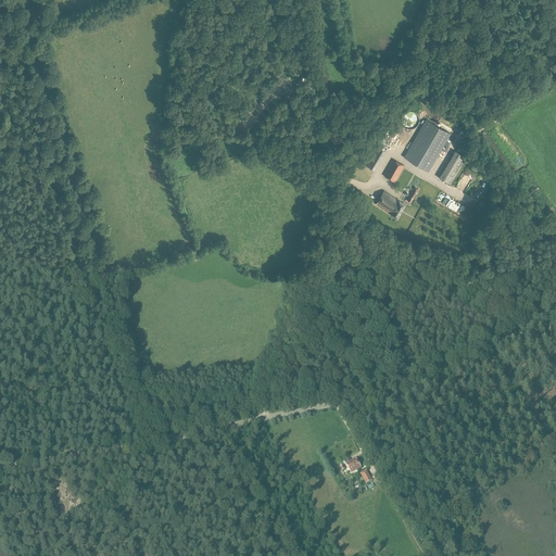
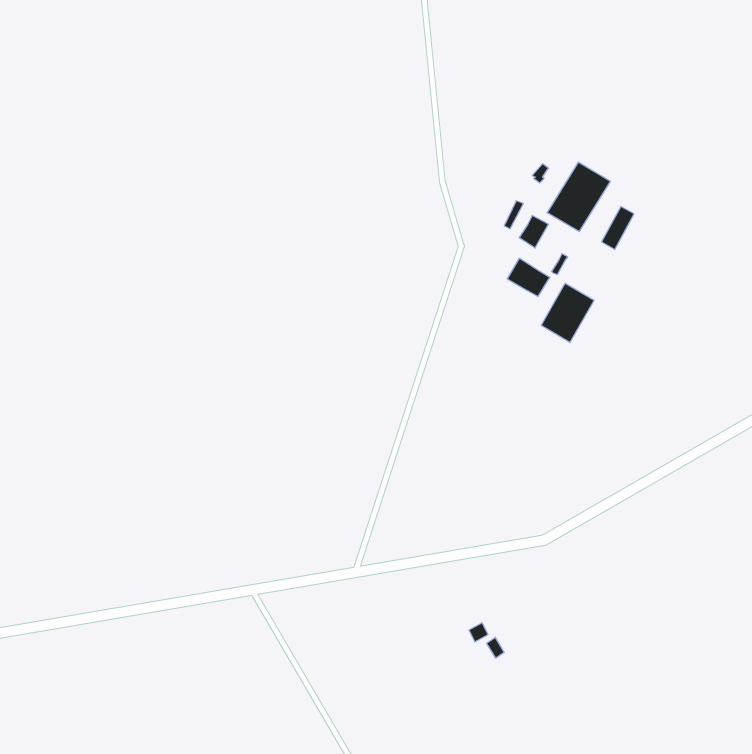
building: none -> [541,283,594,343]

